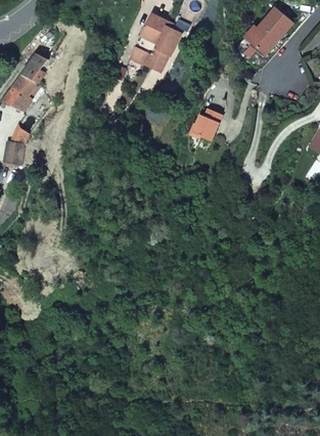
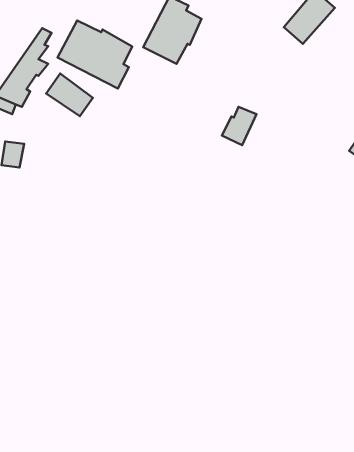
building: none -> [58,20,132,88]
building: none -> [46,74,93,116]

